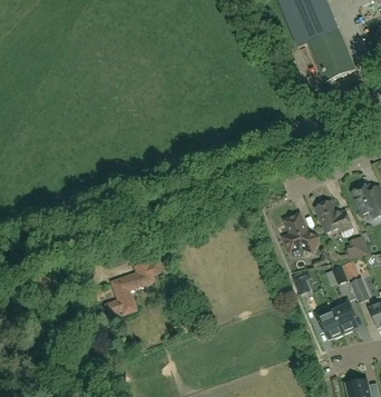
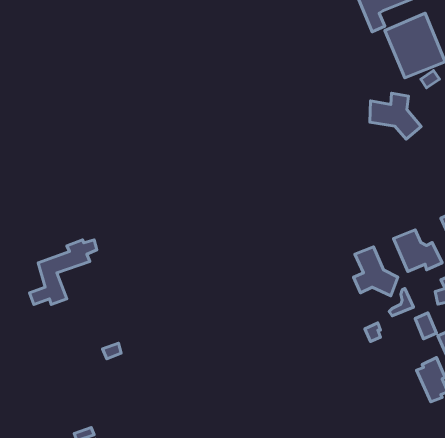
building: none -> [370,93,421,139]
building: [106,264,158,314] -> [30,240,97,304]
building: [316,309,344,338] -> none

